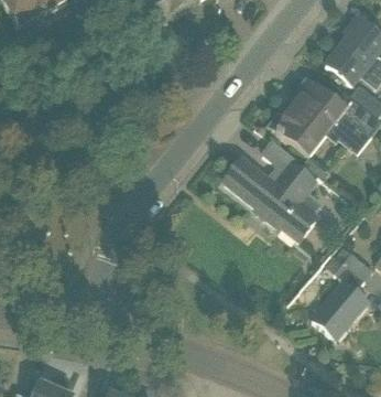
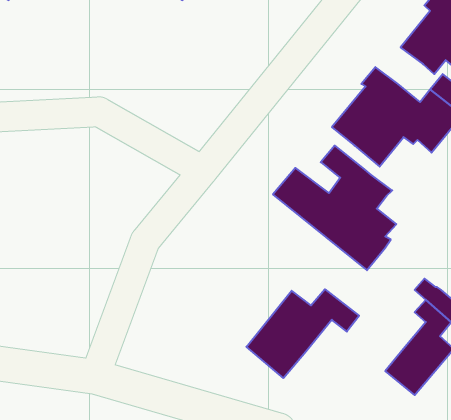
building: none -> [246,289,359,378]

